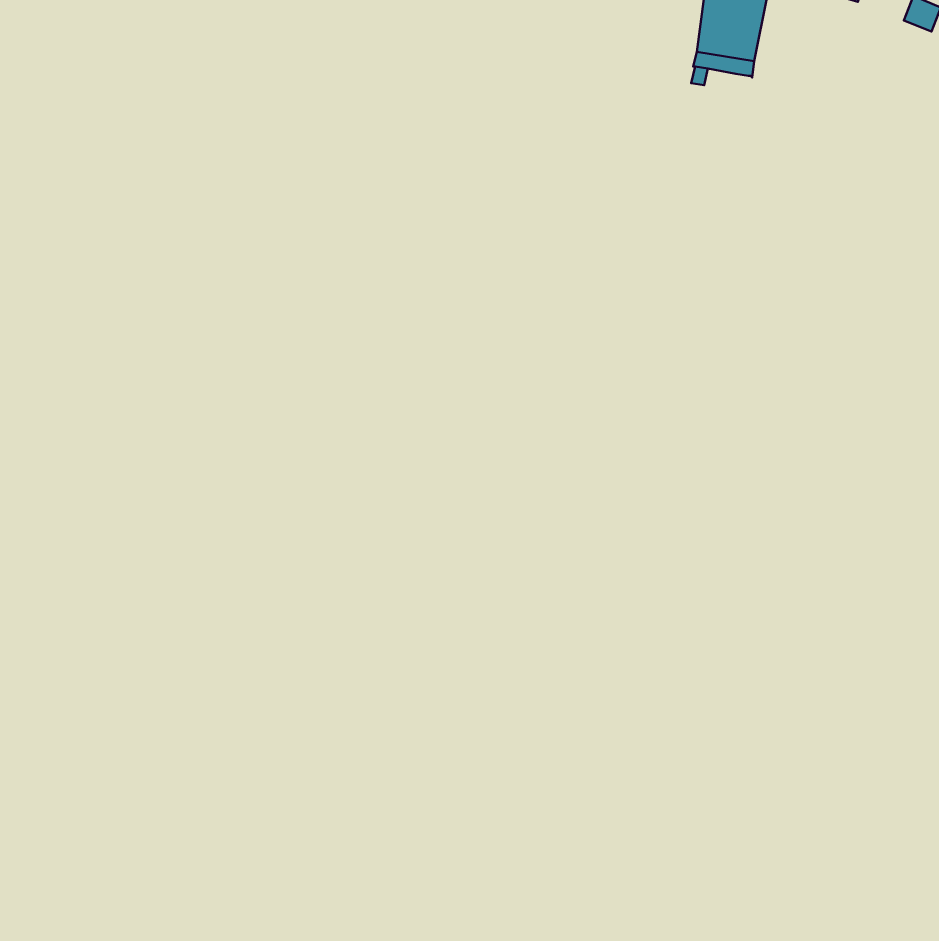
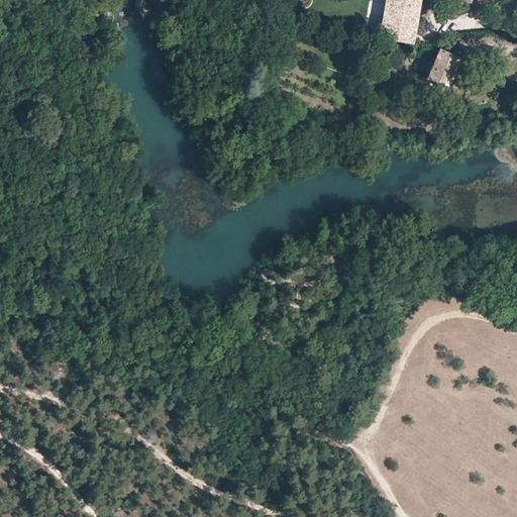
building: none -> [429,46,461,82]

